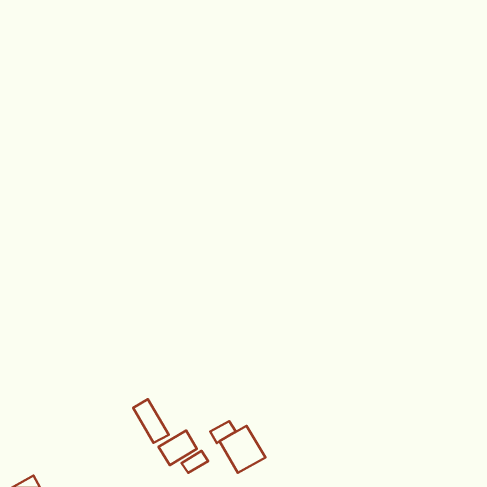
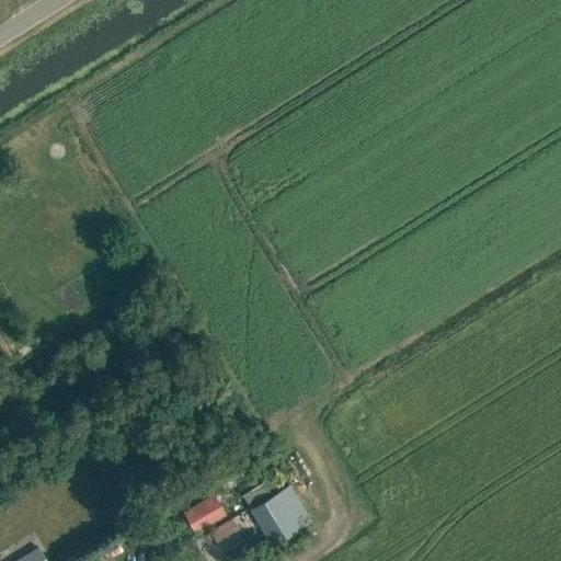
building: [133,399,169,443] -> none

